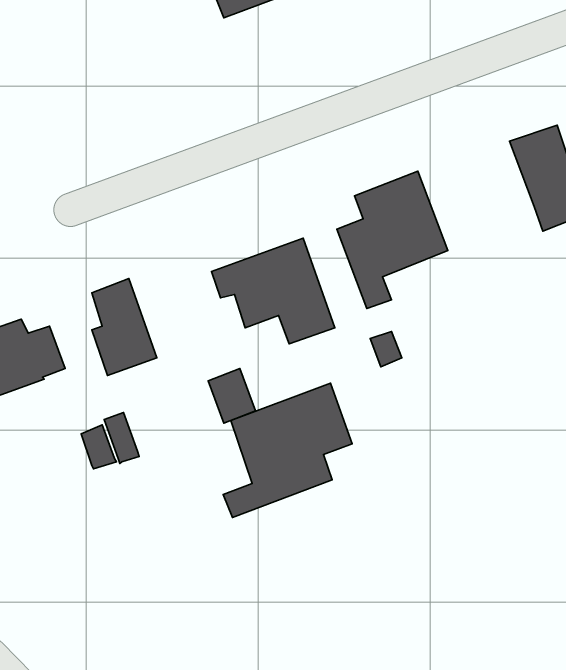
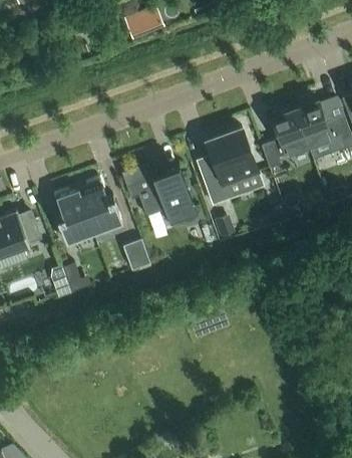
building: none -> [263,110,309,171]
building: none -> [78,182,122,234]
building: [223,383,352,517] -> none

